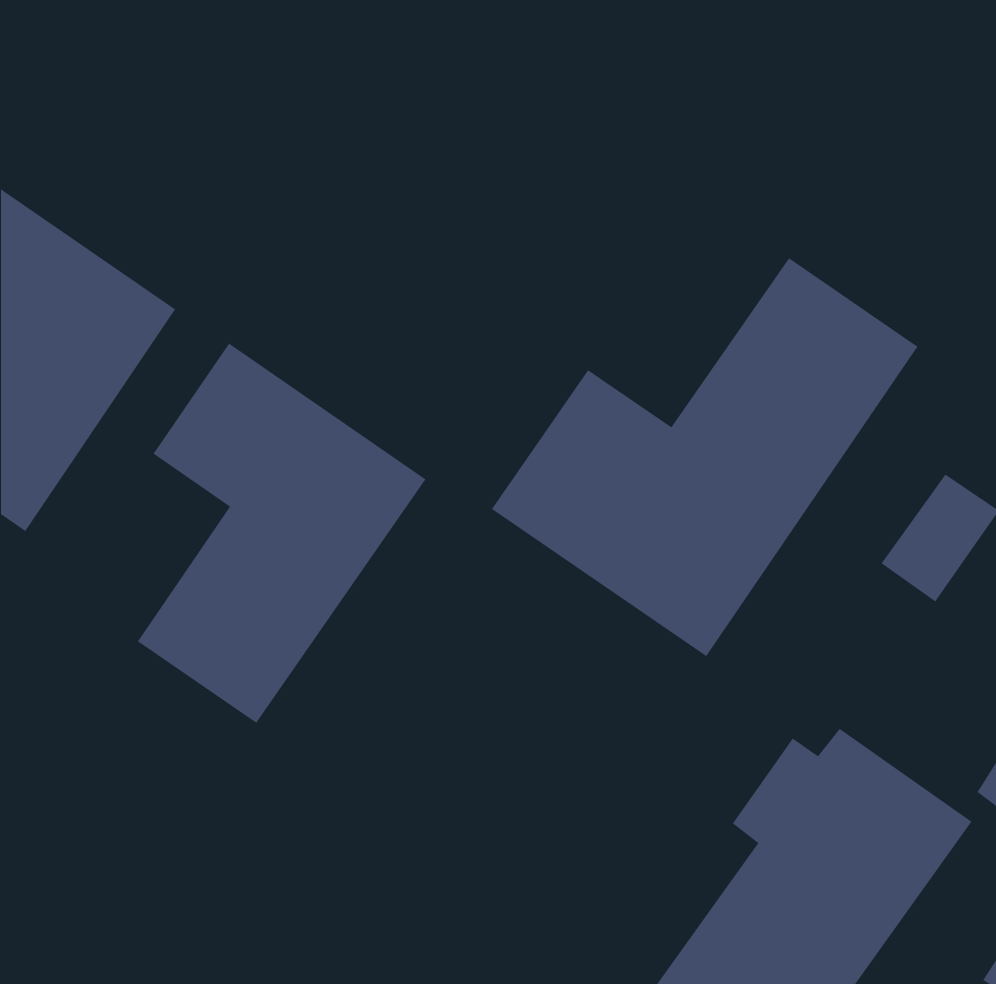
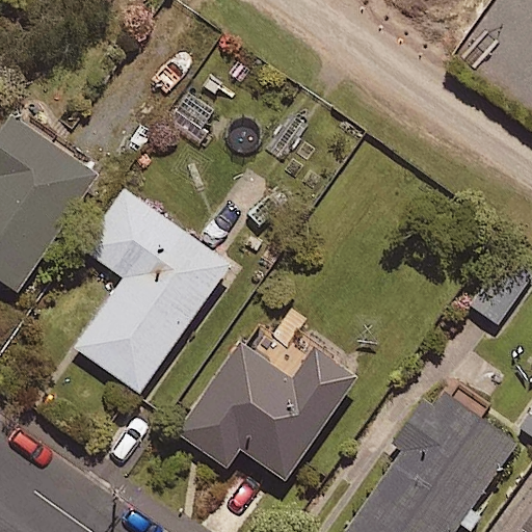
building: [491,257,918,657] -> none
building: none -> [176,341,358,480]

